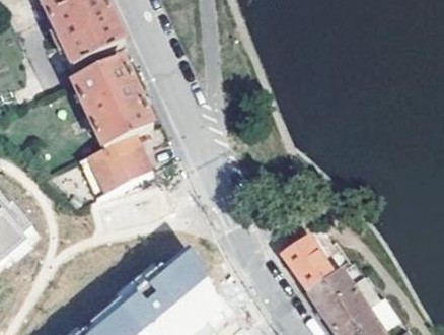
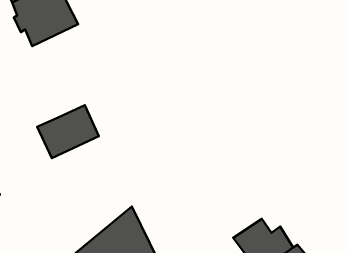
building: [71,58,152,148] -> none
building: [282,229,349,289] -> none

